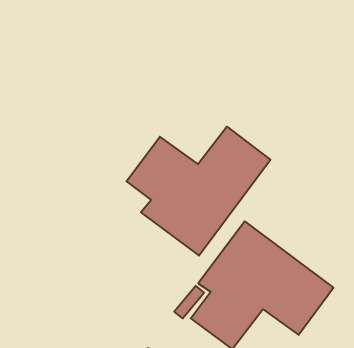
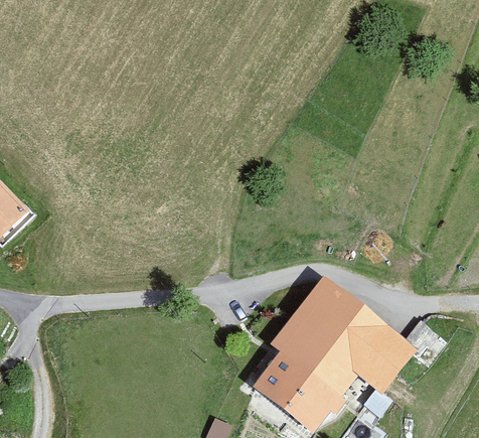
building: [126,127,270,256] -> none

